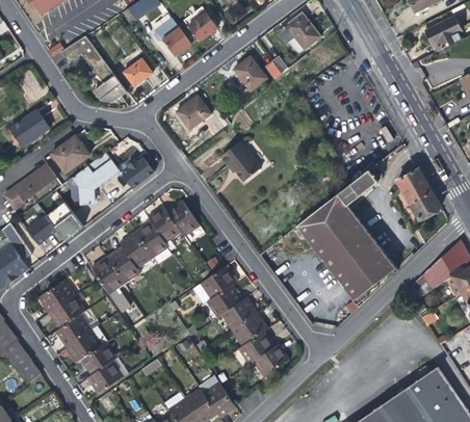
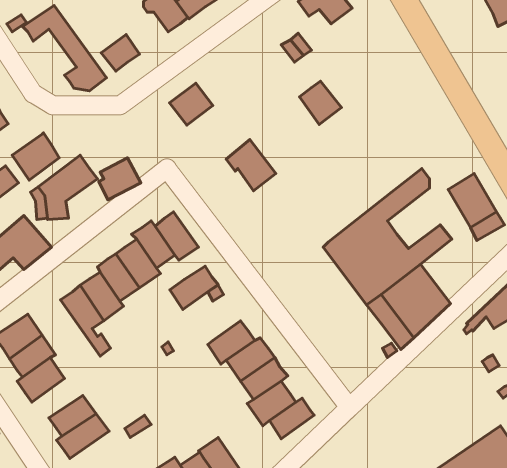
building: [233,56,266,90] -> [299,81,341,124]
building: [200,265,238,299] -> [170,266,218,310]
building: [67,326,108,363] -> none

